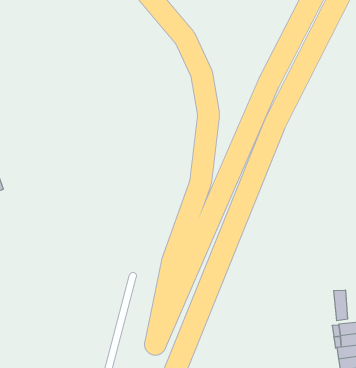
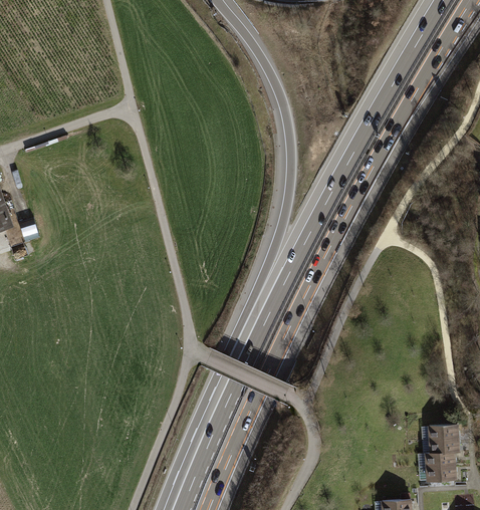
building: [334,290,348,321] -> none

